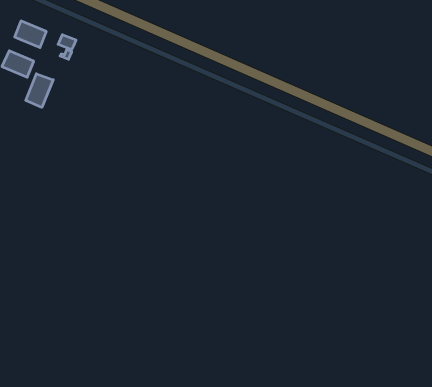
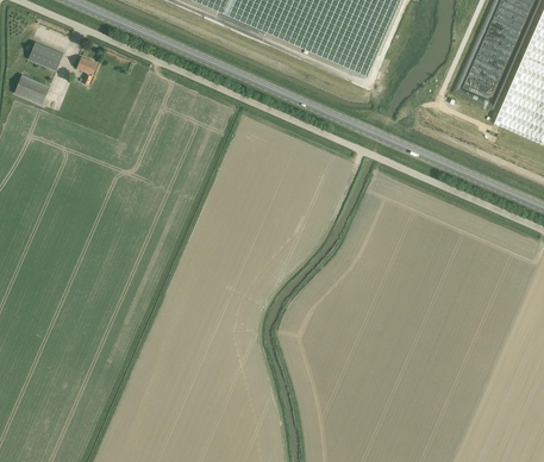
building: [26,74,53,107] -> none

